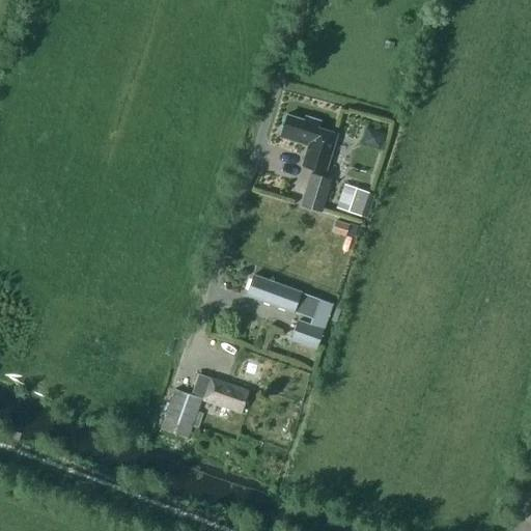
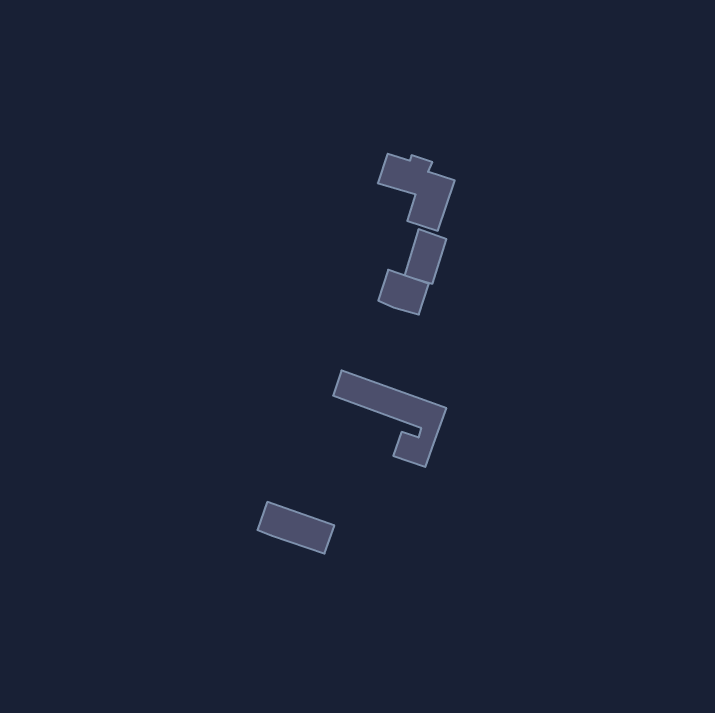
building: [337,183,374,216] -> [378,270,429,315]
building: [161,388,201,438] -> none

